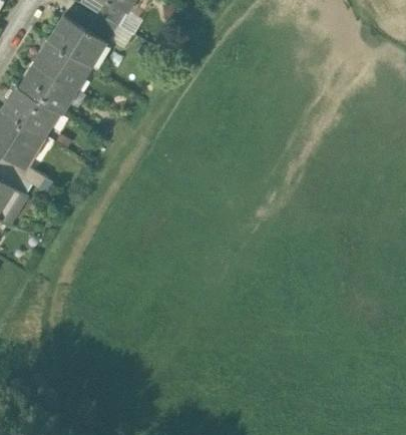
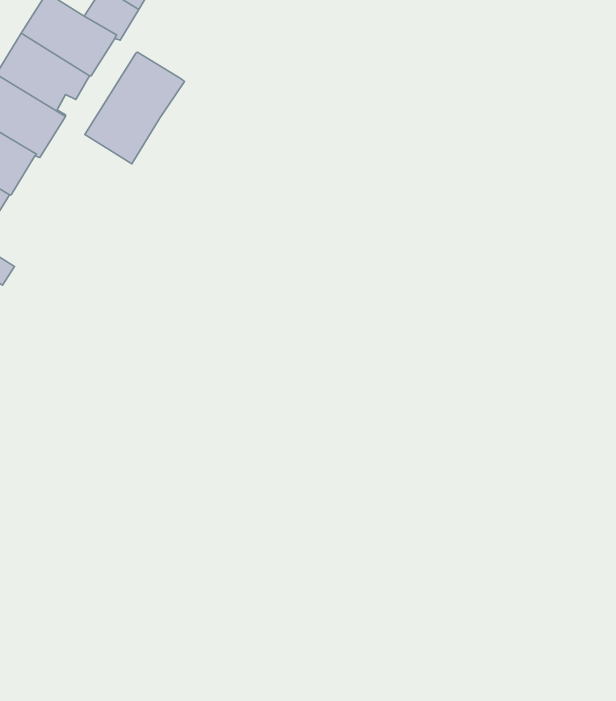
building: none -> [85,52,184,164]

